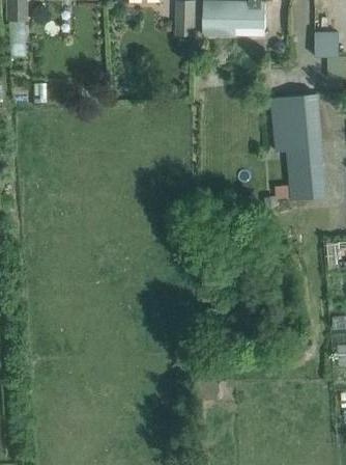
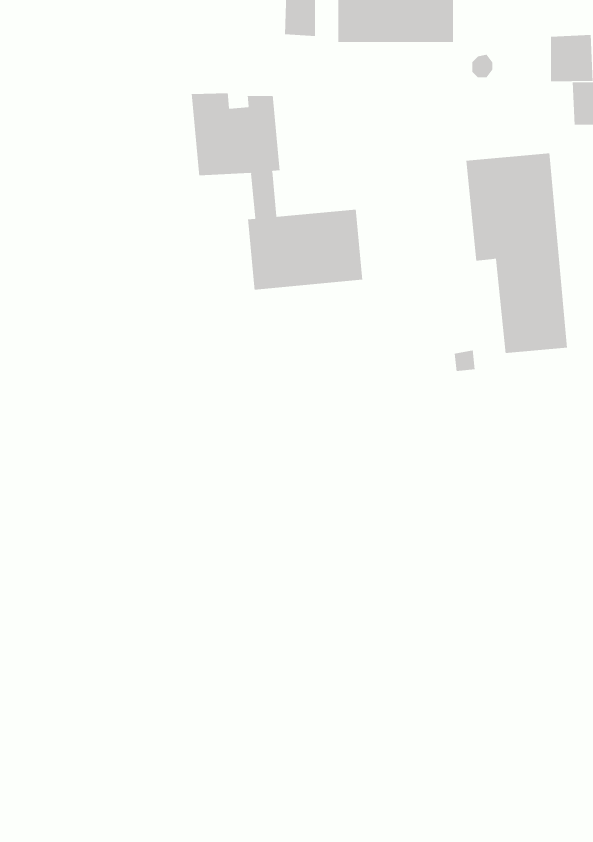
building: none -> [191,92,363,290]

